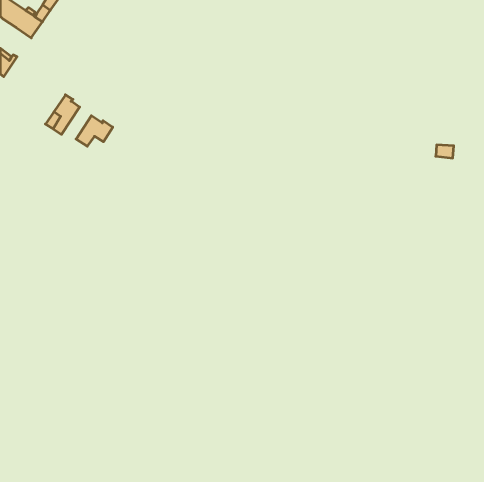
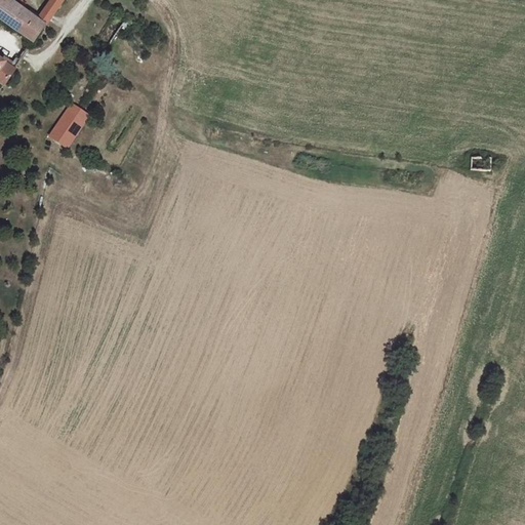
building: [76,116,113,146] -> none

